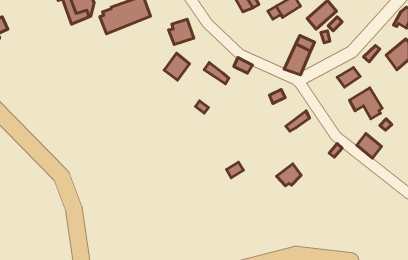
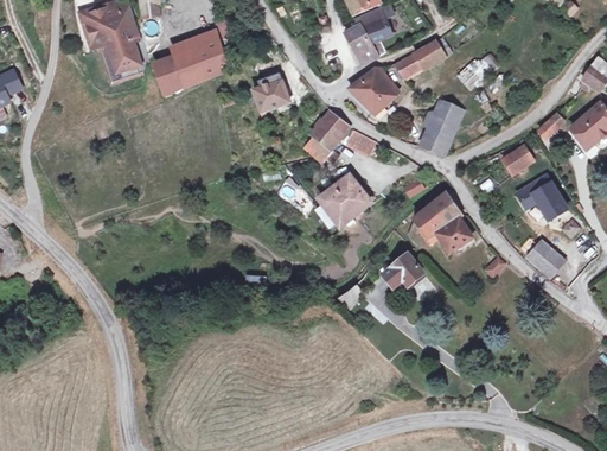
building: none -> [351,66,396,112]
building: [164,53,190,80] -> [313,112,350,151]
building: none -> [321,177,370,224]
building: none -> [414,191,454,229]
building: none -> [439,217,472,250]
building: [277,164,301,186] -> [386,253,422,285]

